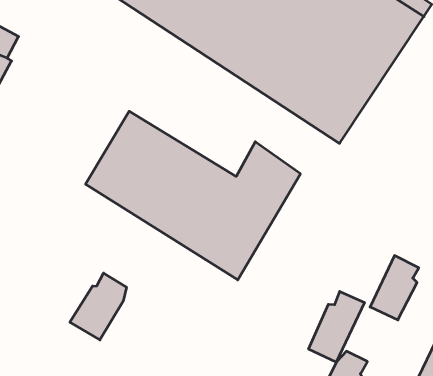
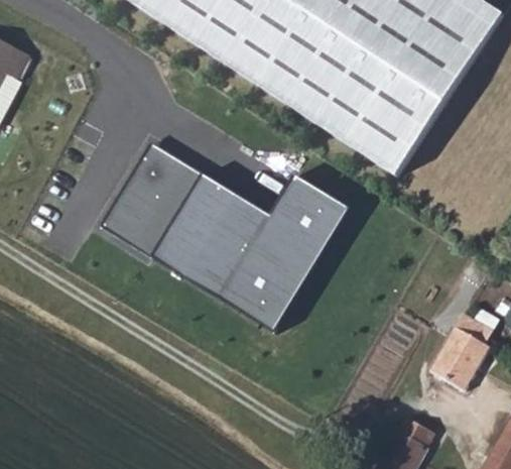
building: [70,273,126,340] -> none
building: [309,291,364,362] -> none

